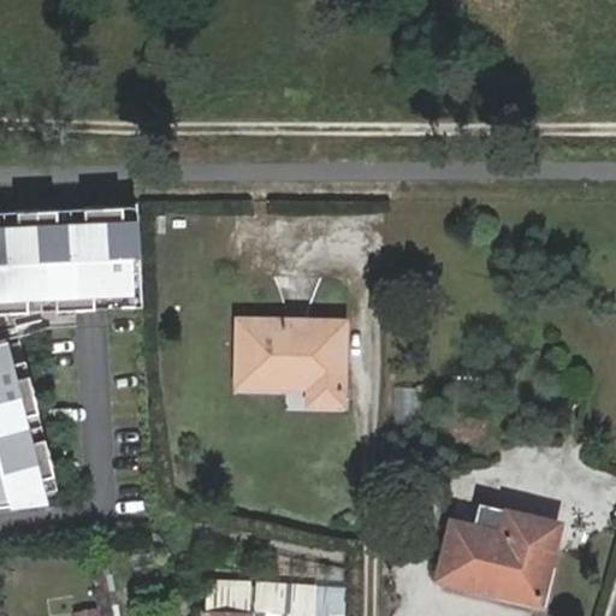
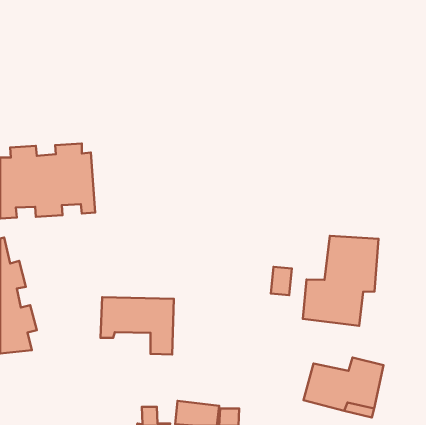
building: [235,321,340,404] -> [101,297,174,355]
building: none -> [303,236,378,326]

